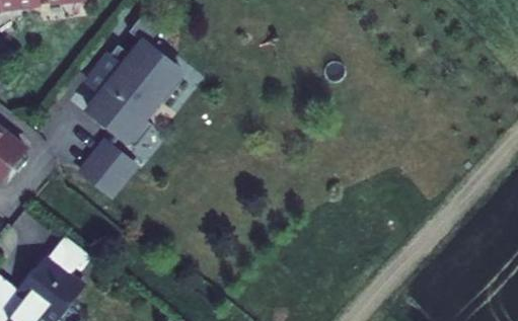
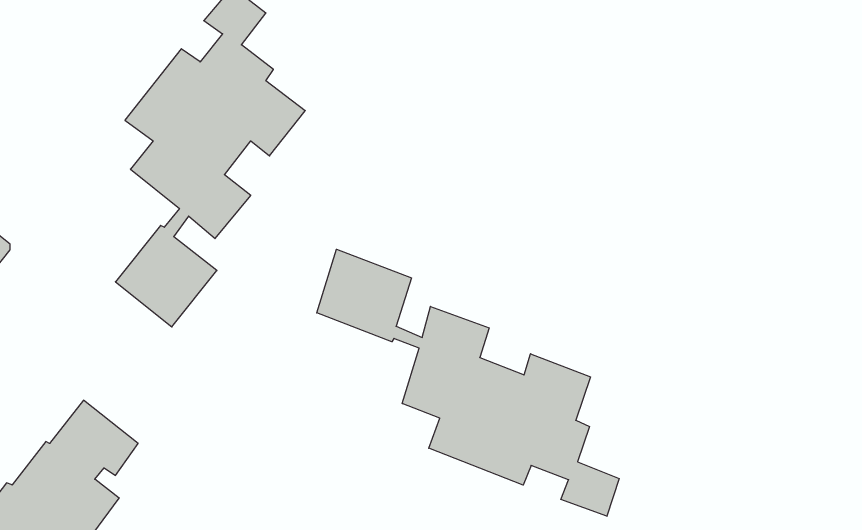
building: none -> [317,249,619,516]

